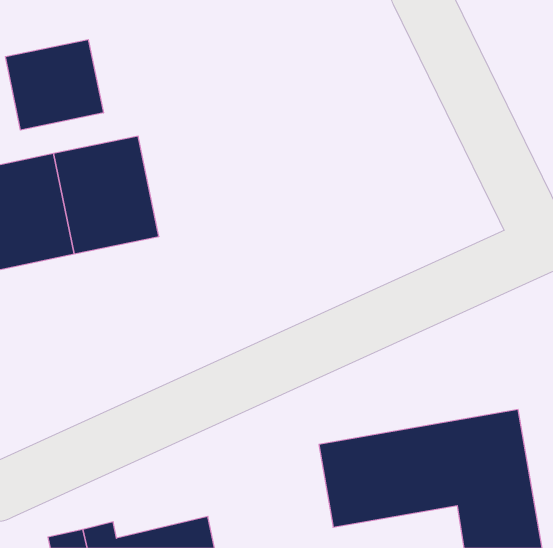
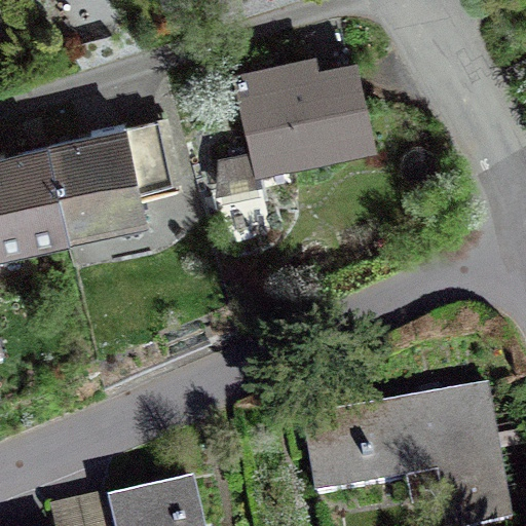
building: [5,40,103,130] -> none
building: none -> [237,57,378,178]

